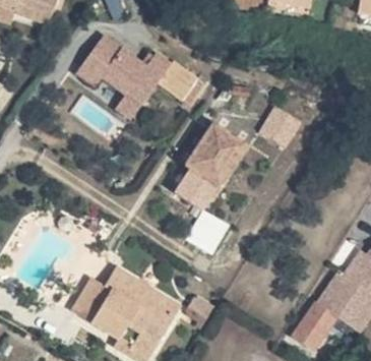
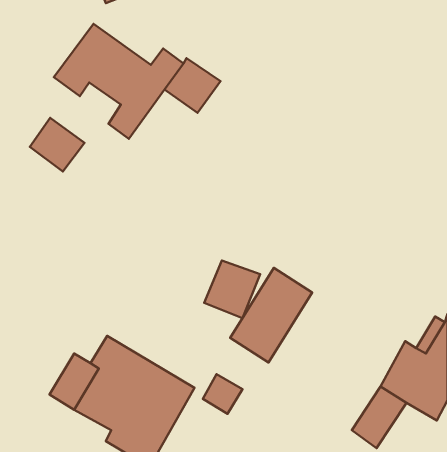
building: none -> [30,118,84,172]
building: [261,107,301,145] -> none
building: [182,125,243,195] -> [230,268,312,362]

